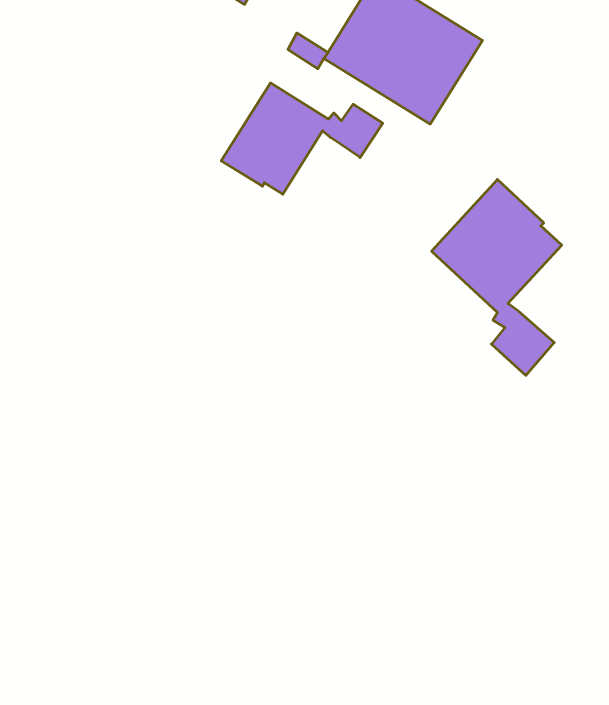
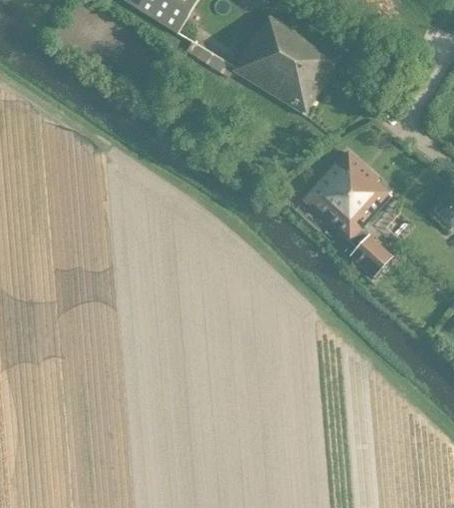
building: [221,83,383,194] -> none

